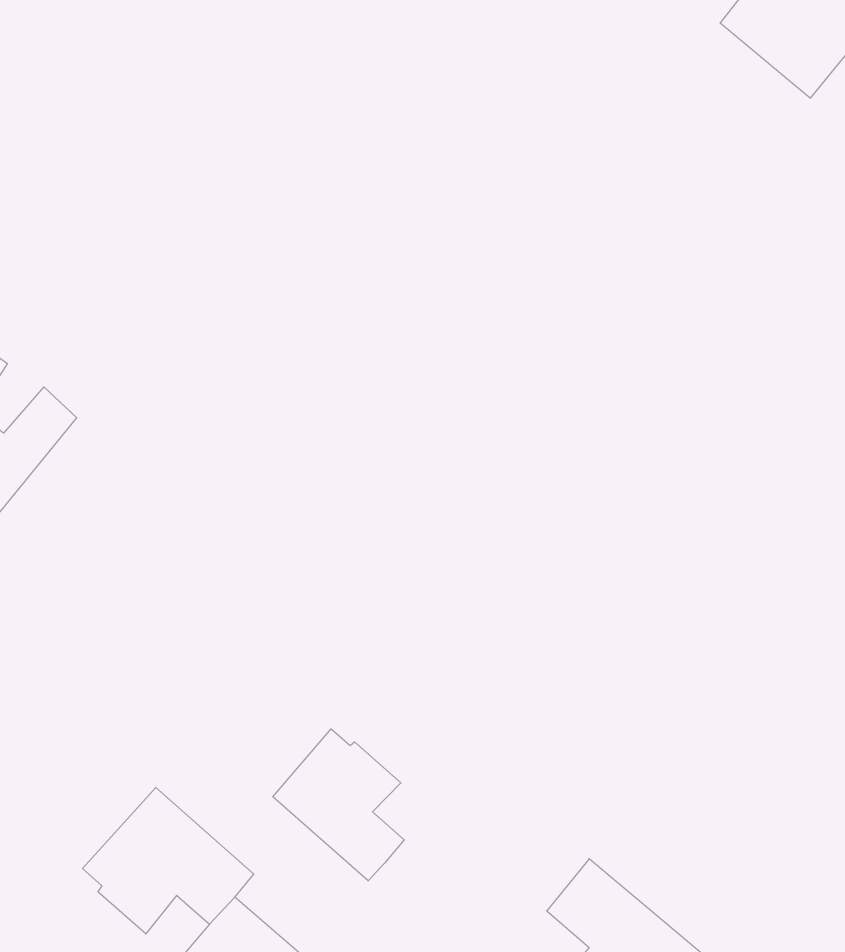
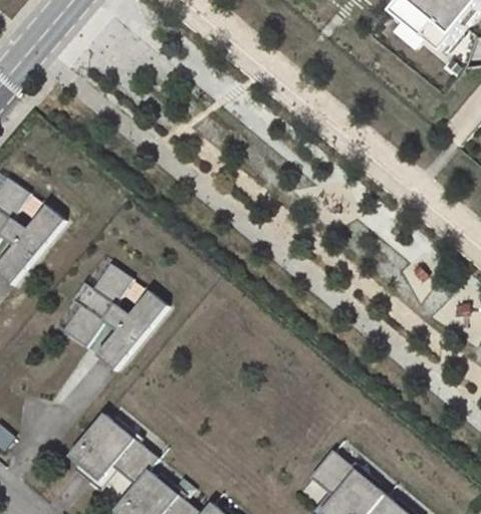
building: none -> [62,259,168,368]
building: [273,729,404,881] -> none

